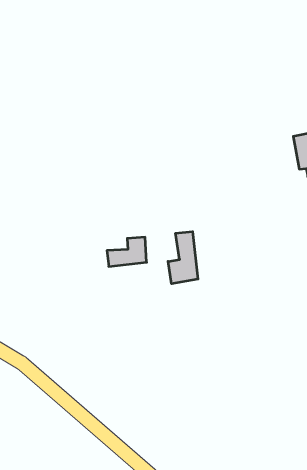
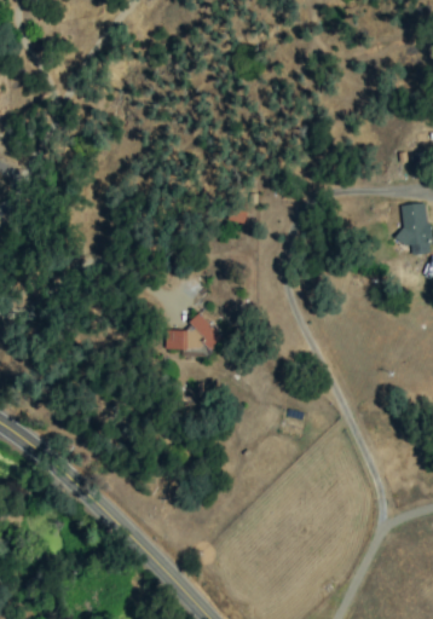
building: [168,232,198,284] -> none

